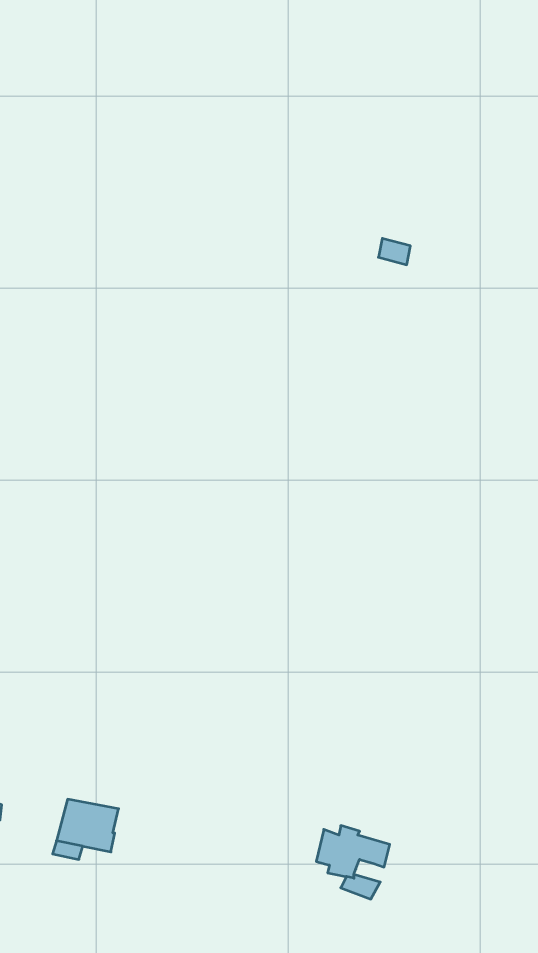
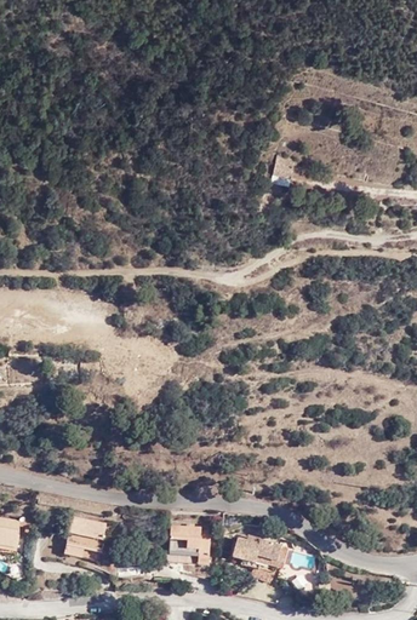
building: none -> [168,526,210,563]

